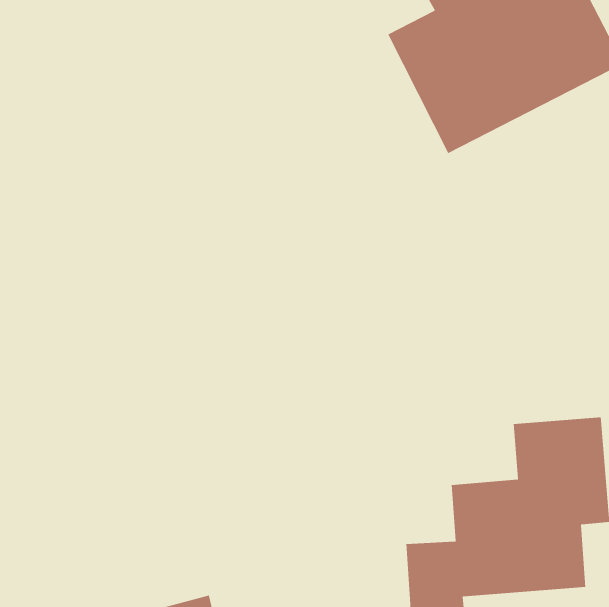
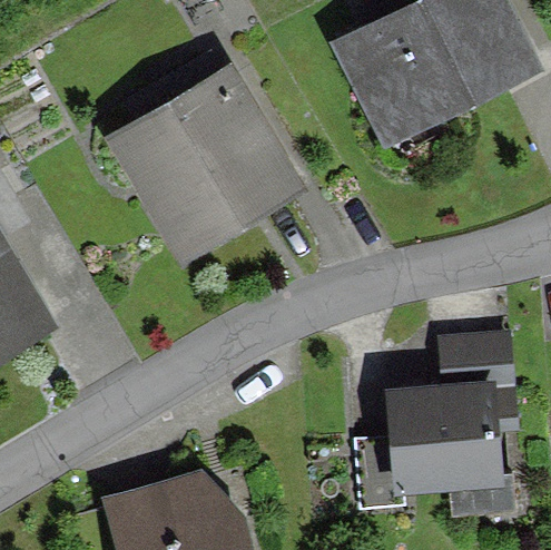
building: none -> [129,59,286,243]

